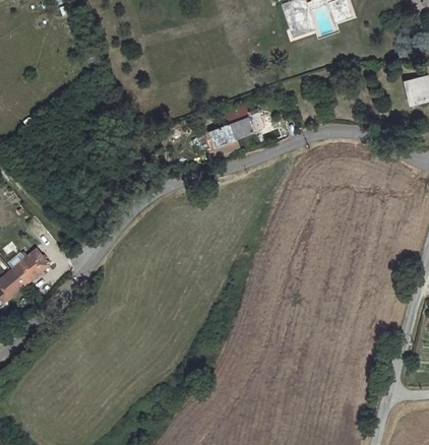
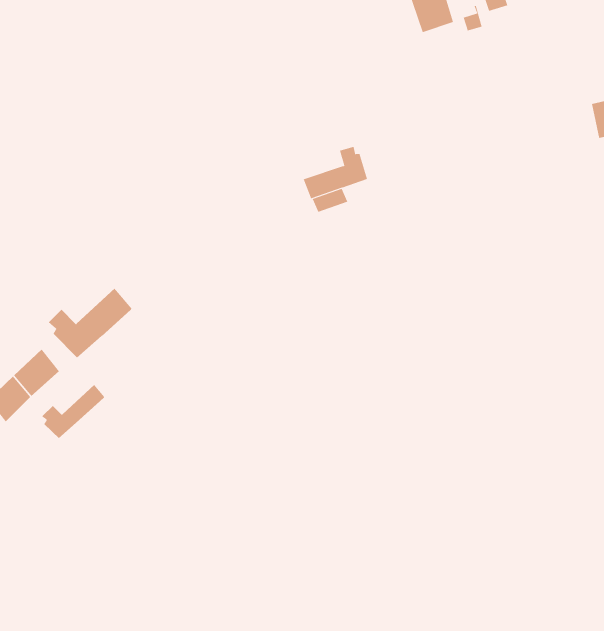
building: none -> [48,288,132,359]
building: none -> [41,384,105,439]

